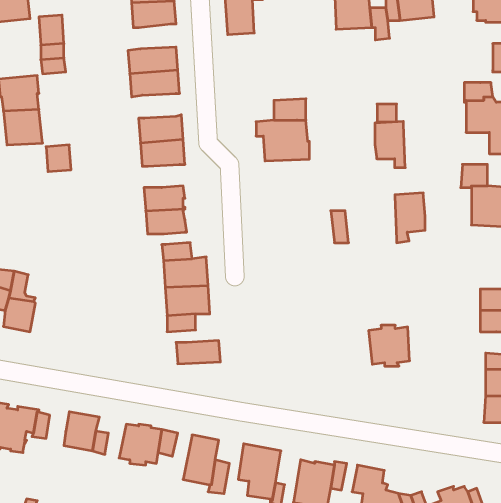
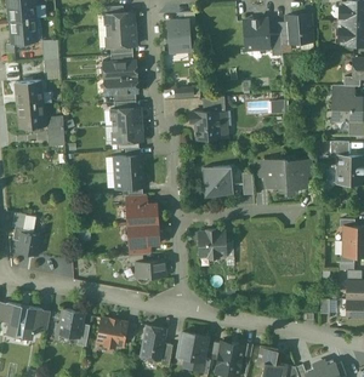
building: [375,121,405,168] -> [266,161,286,193]
building: none -> [203,167,233,196]
building: [369,325,410,366] -> [198,230,226,258]

